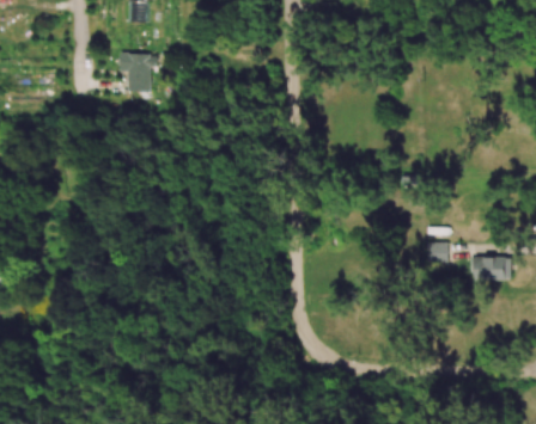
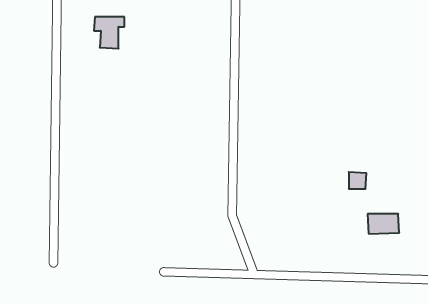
building: [474,257,512,281] -> [368,214,399,234]

